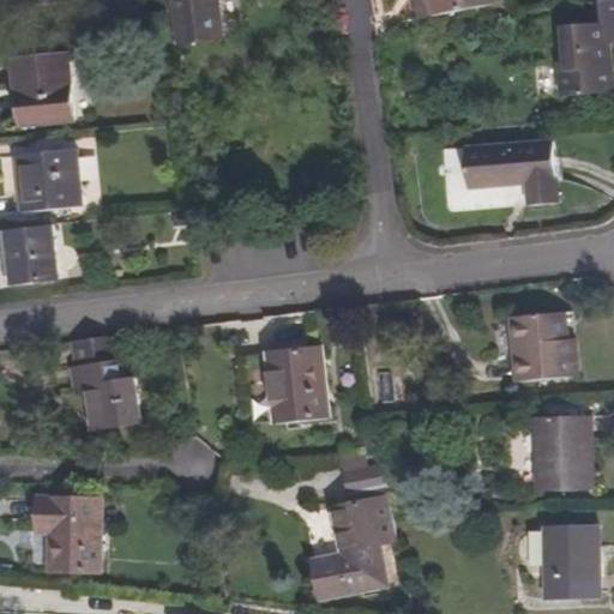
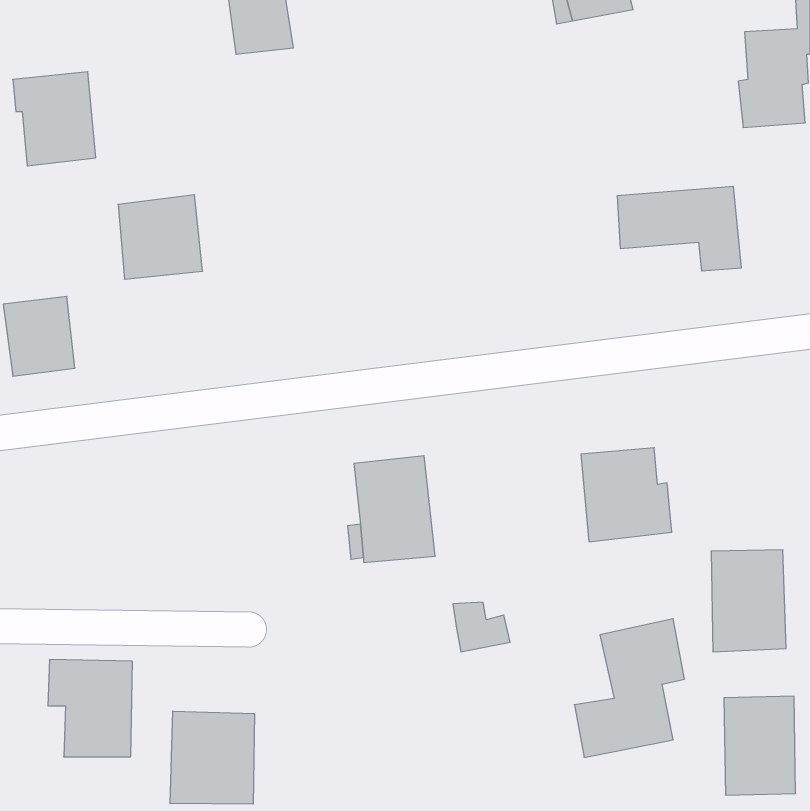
building: [16,148,79,211] -> [118,195,203,279]
building: [508,311,577,381] -> [581,448,672,542]
building: [70,335,140,431] -> none
building: [312,494,395,598] -> [574,619,684,757]
building: none -> [170,711,255,804]

